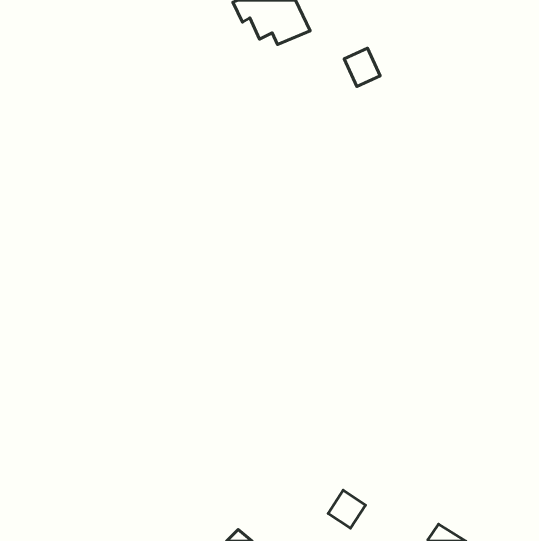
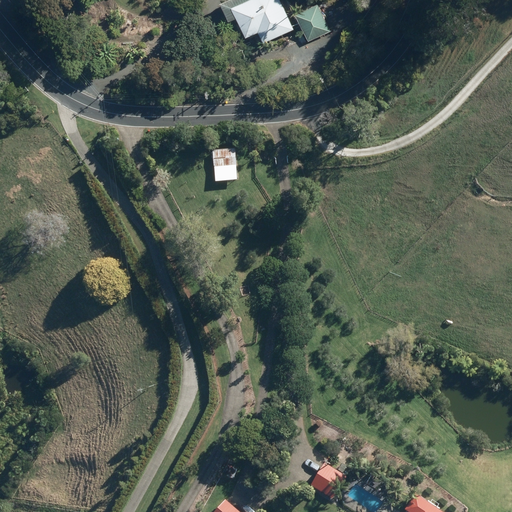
building: [344,48,380,86] -> [296,5,330,41]
building: none -> [212,149,237,184]

